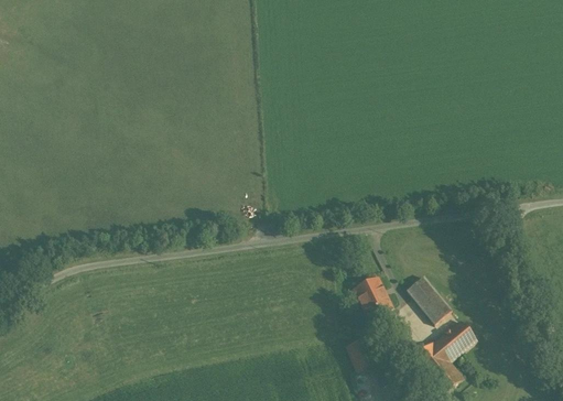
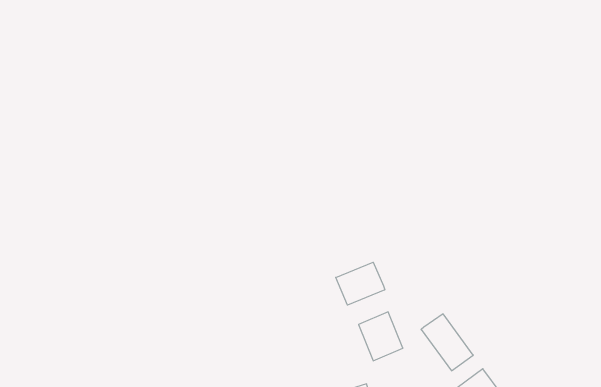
building: none -> [336,262,385,305]

